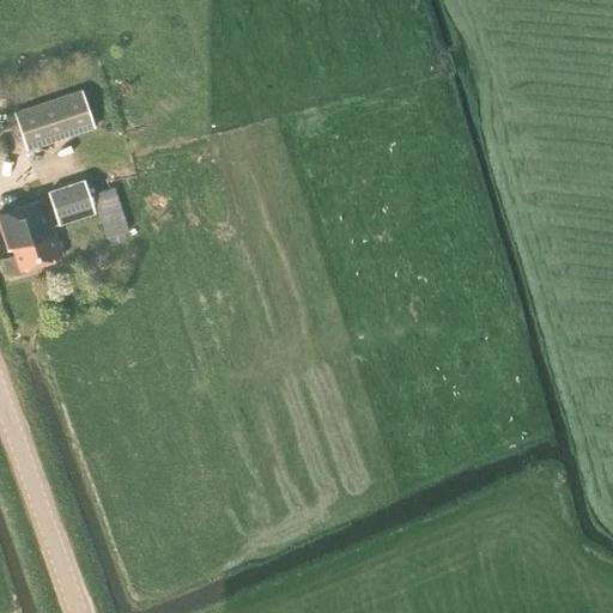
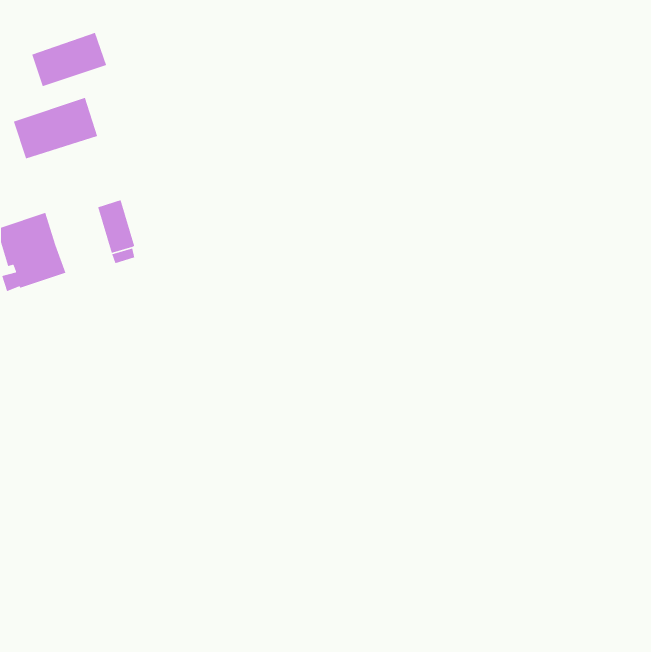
building: none -> [31,32,107,87]
building: [47,180,95,225] -> none

